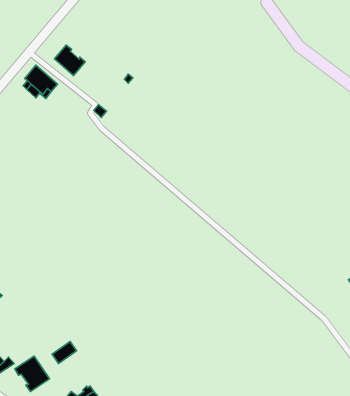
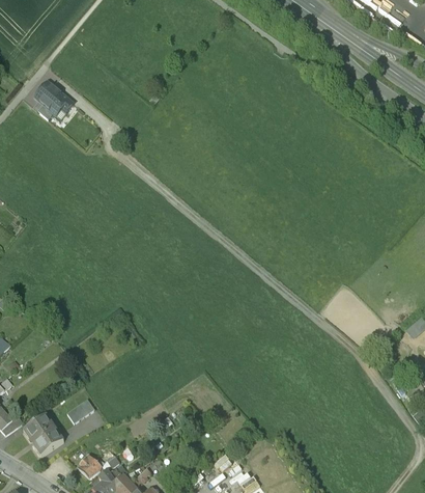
building: [54,45,85,76] -> none

